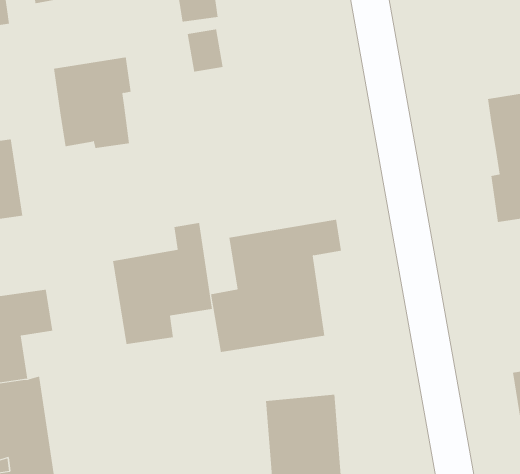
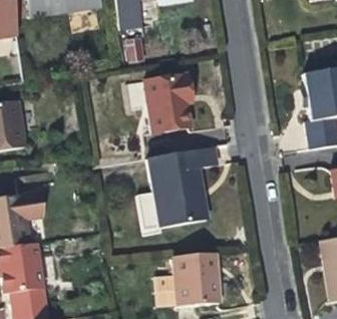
building: [53,57,132,148] -> [143,73,191,128]
building: [113,222,212,345] -> none

